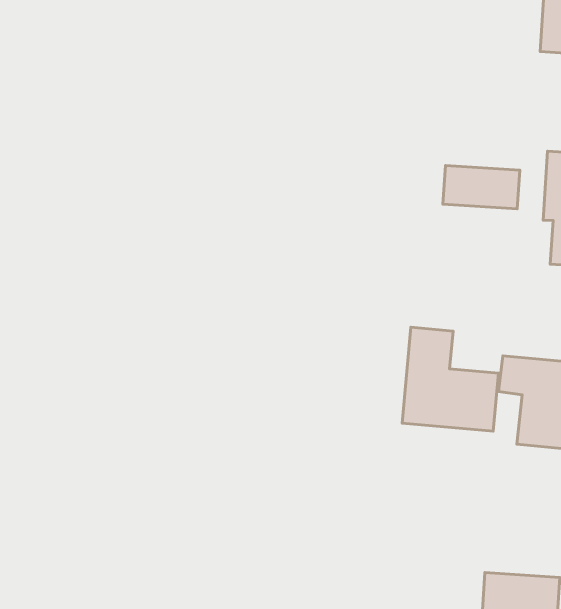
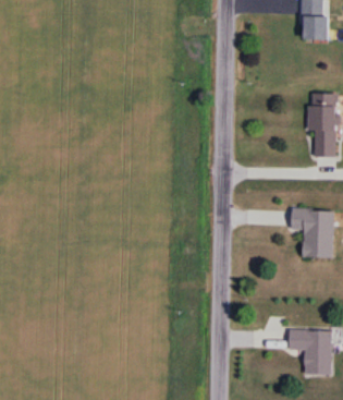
building: [443,165,520,209] -> none
building: [402,327,498,431] -> none

